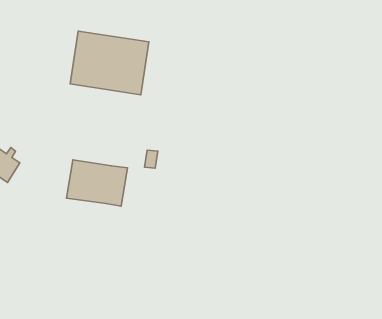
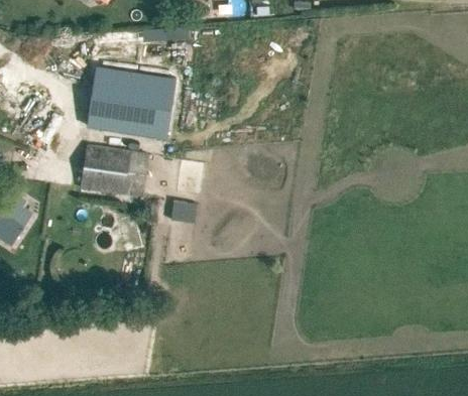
building: [67,160,127,206] -> [81,144,149,196]

